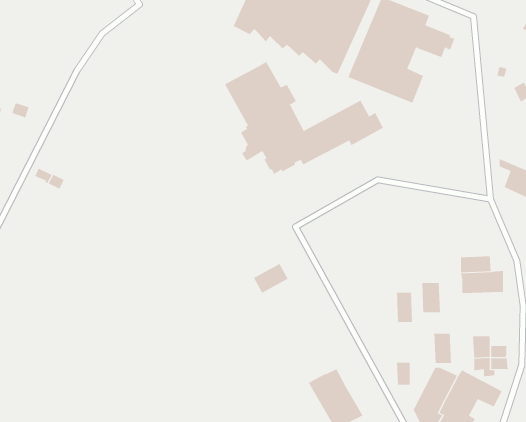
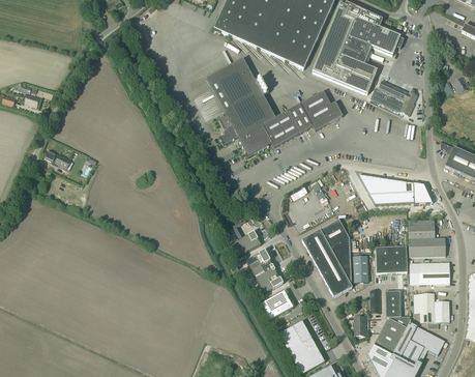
building: none -> [370,79,416,114]
building: none -> [358,174,432,203]
building: none -> [301,218,352,296]
building: none -> [390,245,407,272]
building: none -> [245,249,283,292]
building: none -> [418,261,449,283]
building: none -> [261,289,293,319]

